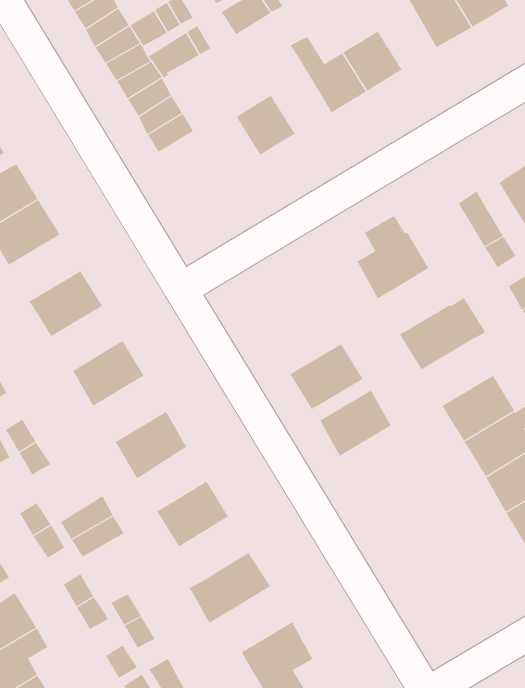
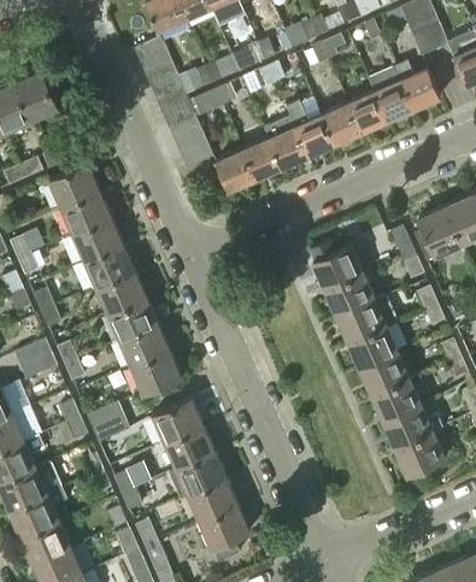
building: none -> [349,92,388,133]
building: none -> [265,116,310,167]
building: none -> [217,151,257,192]
building: none -> [74,217,123,260]
building: none -> [96,270,146,312]
building: [290,343,363,410] -> [325,272,376,316]
building: none -> [119,322,170,365]
building: [319,390,392,456] -> [349,325,399,369]
building: none -> [166,427,215,470]
building: none -> [189,478,239,522]

